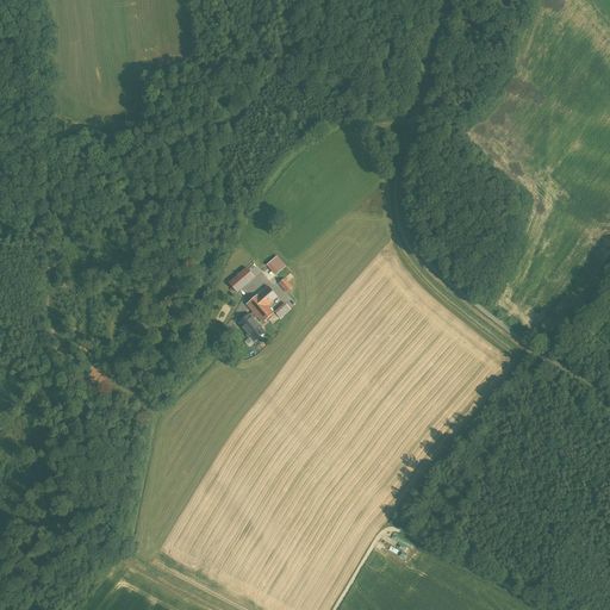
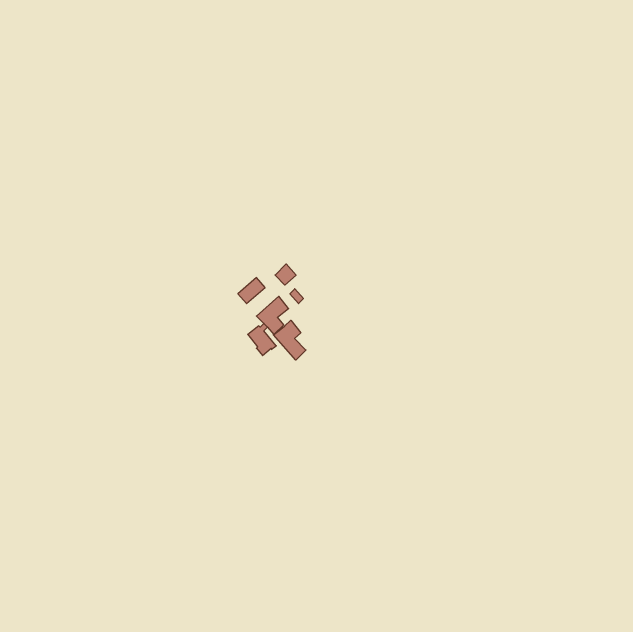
building: none -> [273,320,306,360]

